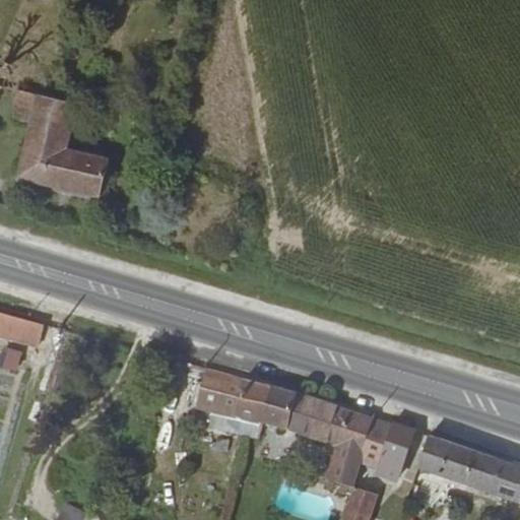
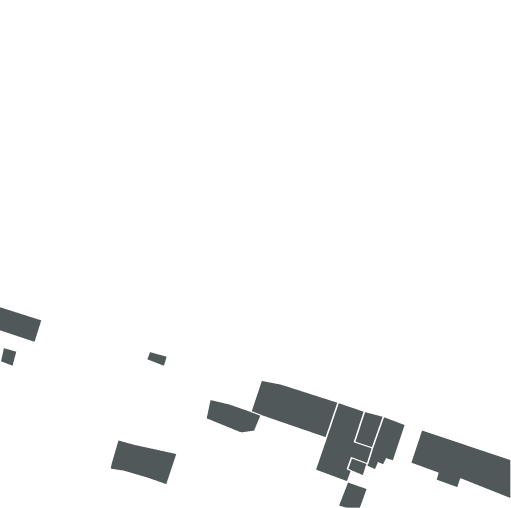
building: [13,82,109,195] -> none
building: [196,371,264,416] -> [110,440,177,485]

